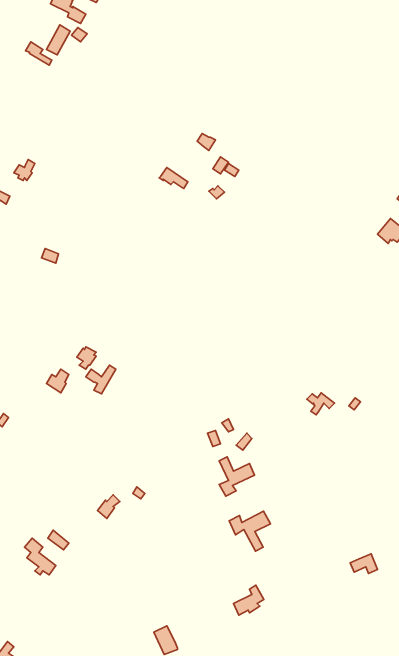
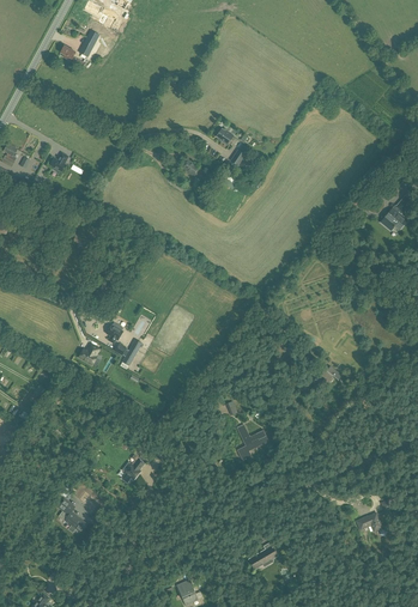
building: [229,511,270,551] -> none

